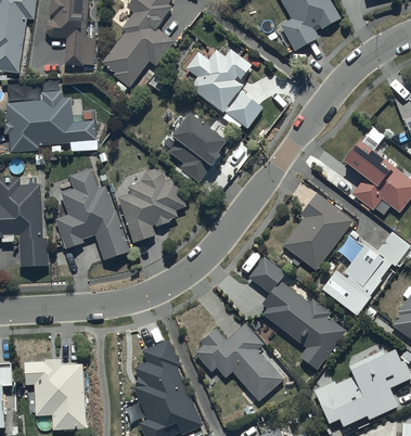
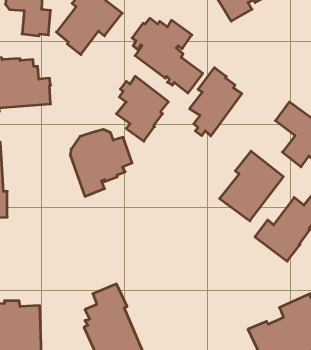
building: none -> [190,68,242,136]
building: [55,168,130,259] -> none
building: [248,256,346,370] -> none
building: [194,323,283,401] -> none

